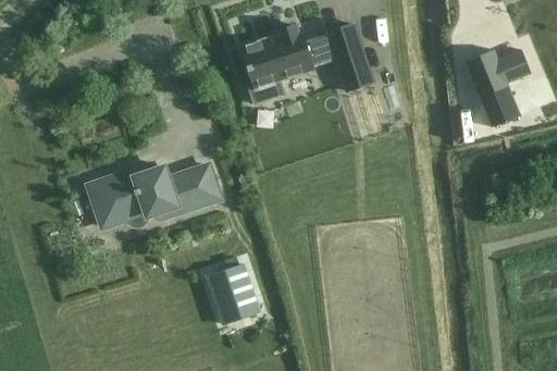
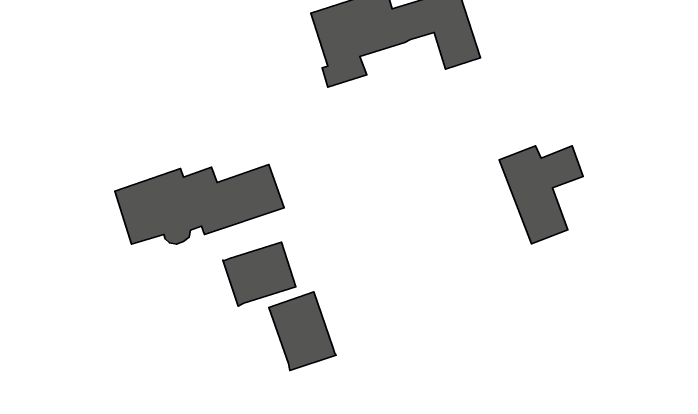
building: [466,48,531,124] -> [499,146,583,244]
building: none -> [223,242,296,306]

